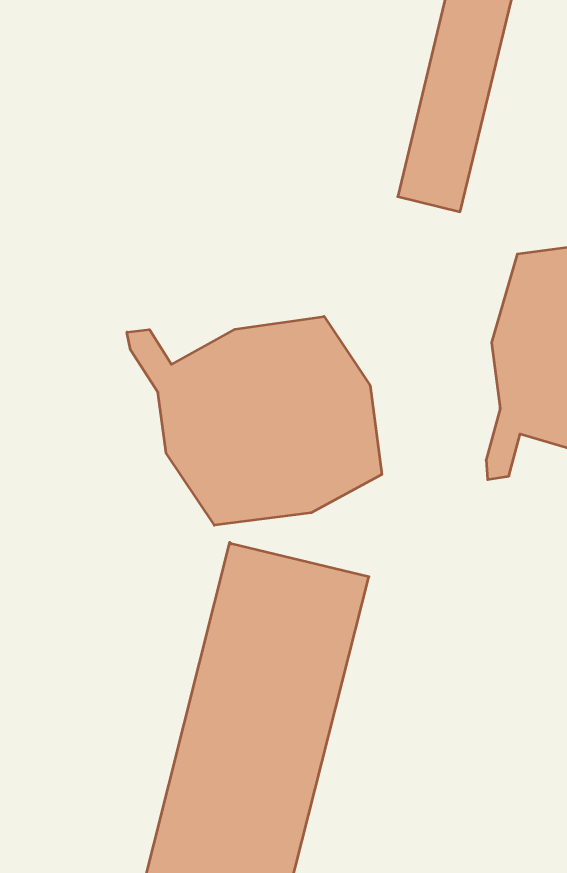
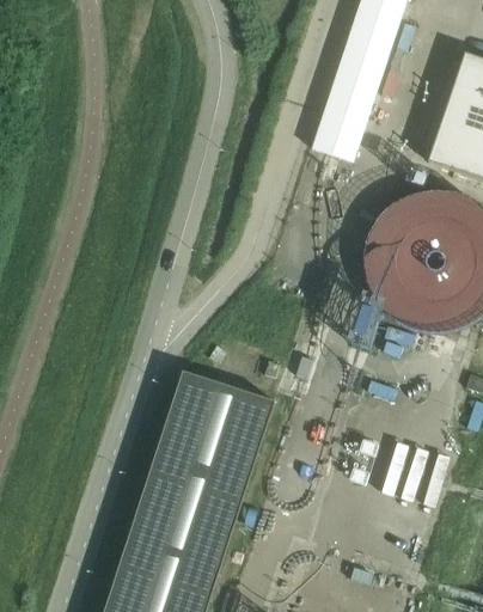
building: [127,316,382,525] -> none

